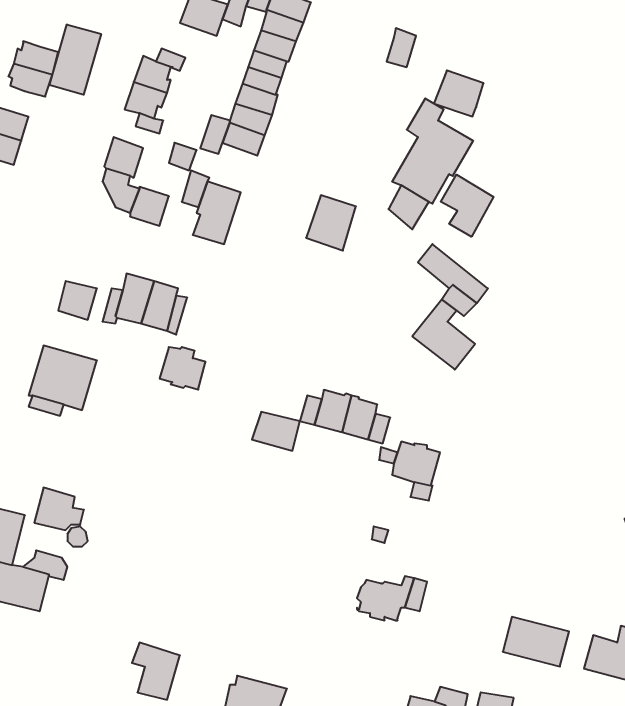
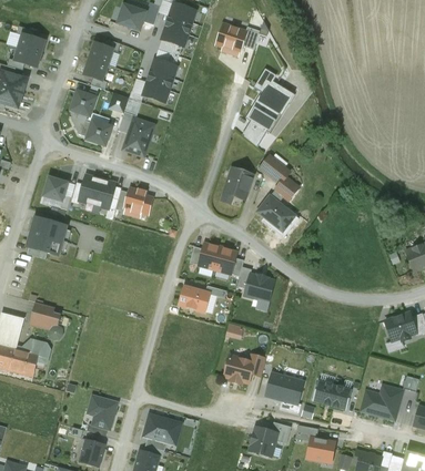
building: [50,24,101,95] -> none
building: [434,70,484,116] -> [216,23,246,51]
building: [441,175,493,237] -> none
building: [306,195,356,251] -> [224,167,254,201]
building: [160,347,206,390] -> [125,188,153,214]
building: [252,412,300,451] -> [180,287,209,310]
building: none -> [266,372,304,402]

